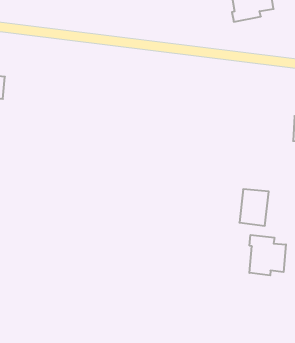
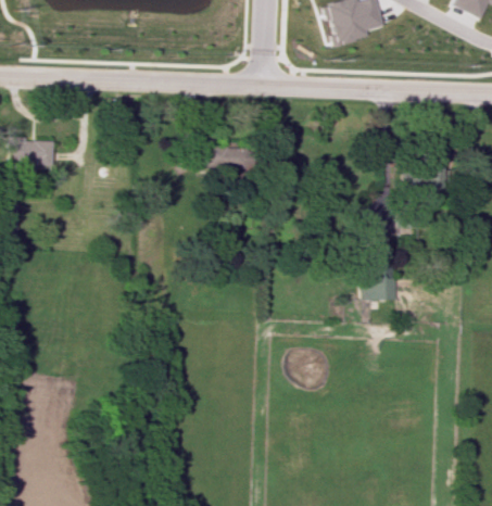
building: [249,235,286,275] -> none

